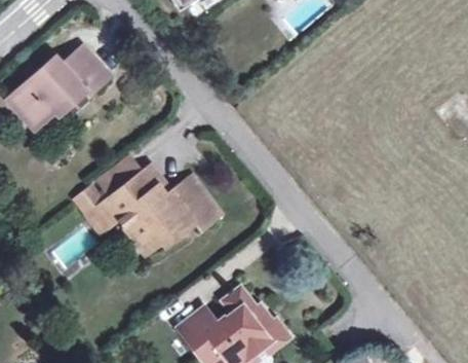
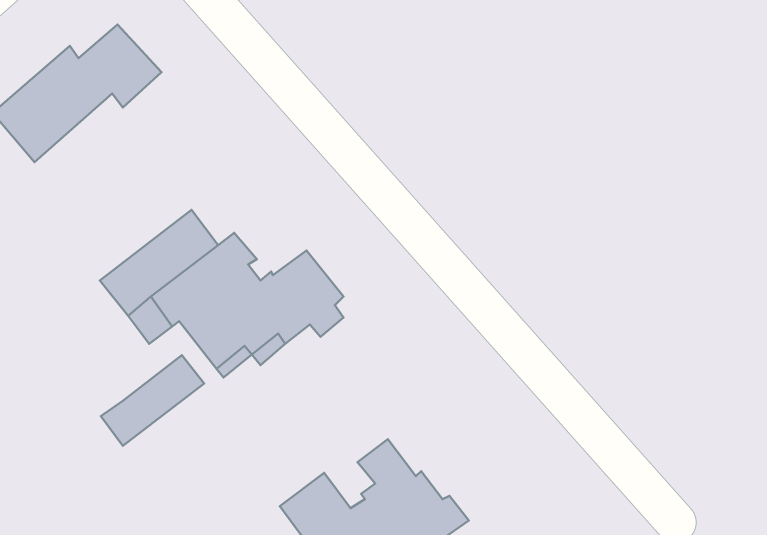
building: none -> [101,355,204,446]

